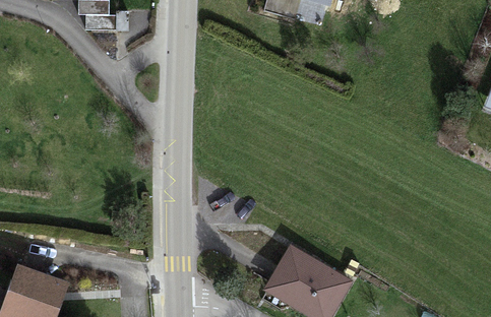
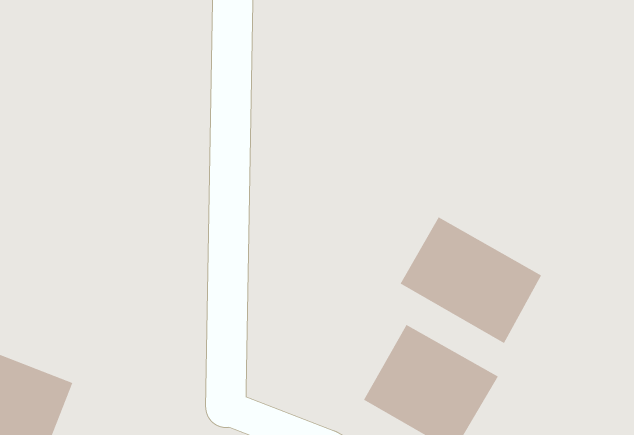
building: none -> [400,216,542,344]

